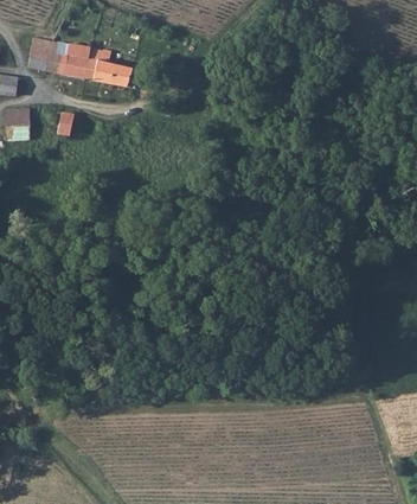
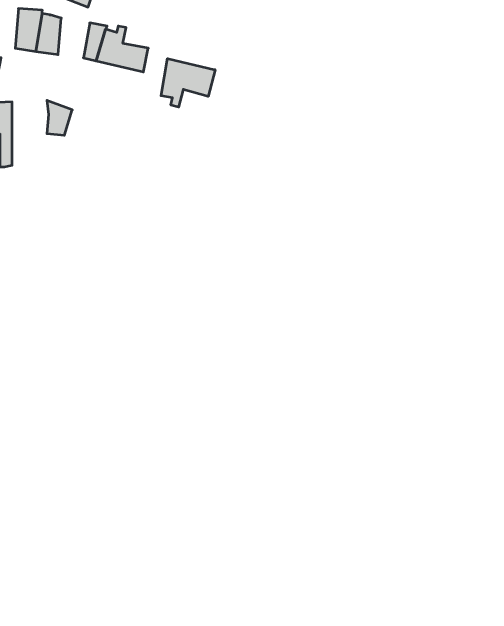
building: [64,45,88,75] -> none
building: none -> [161,59,215,107]

